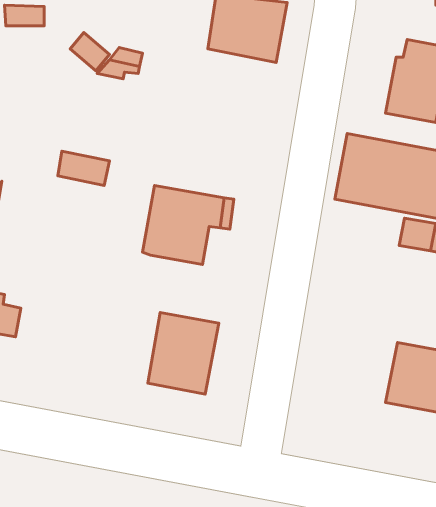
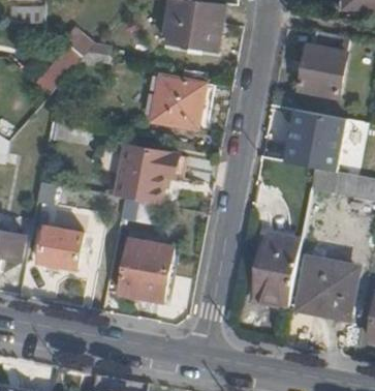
building: none -> [151,76,211,131]
building: none -> [37,228,82,270]
building: none -> [254,236,301,304]

